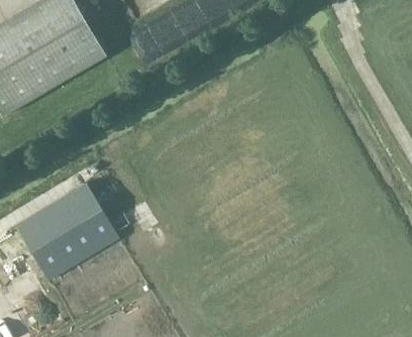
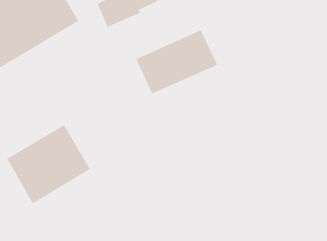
building: none -> [135,29,218,94]

